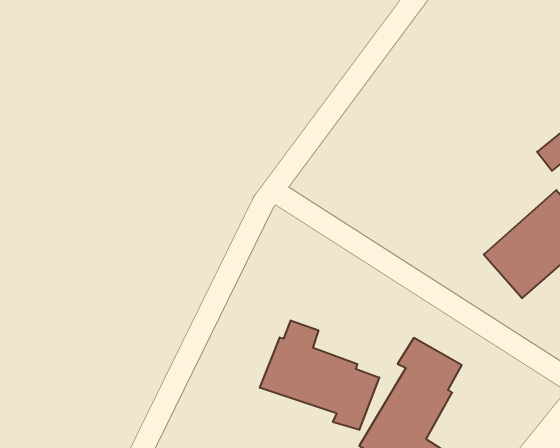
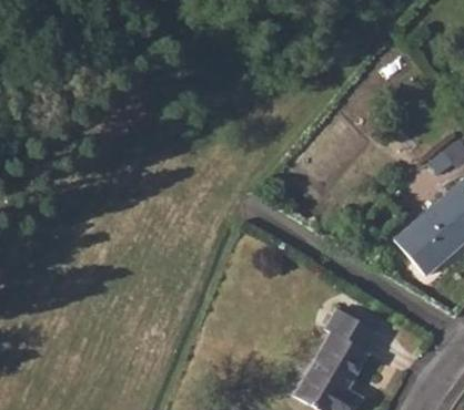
building: [260,320,379,430] -> none

